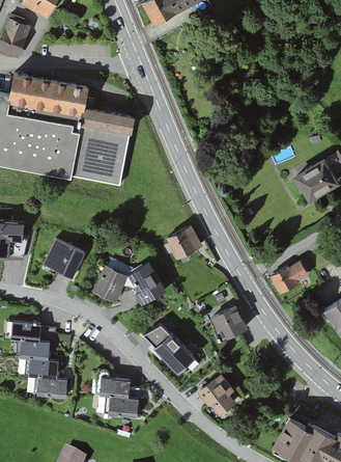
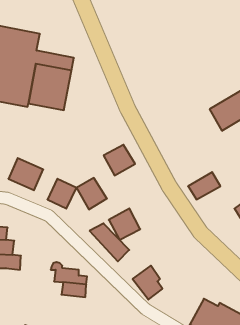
building: [209,302,249,342] -> [109,208,140,240]
building: [39,379,69,400] -> none

